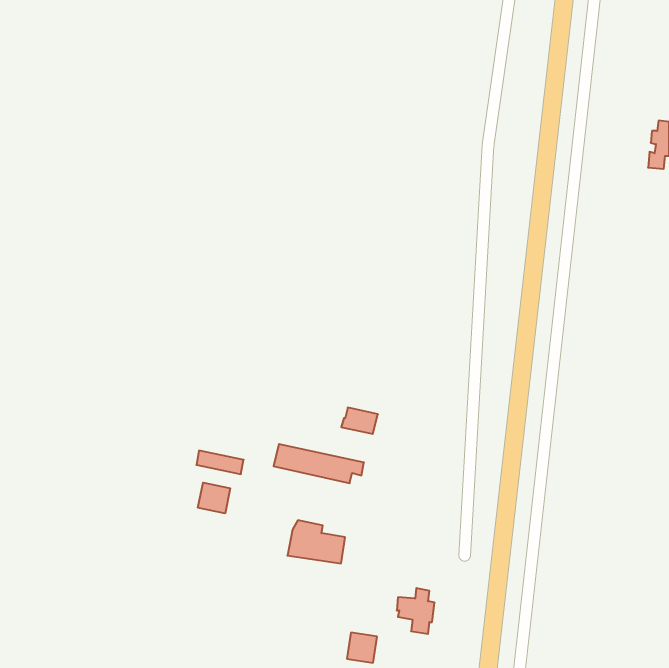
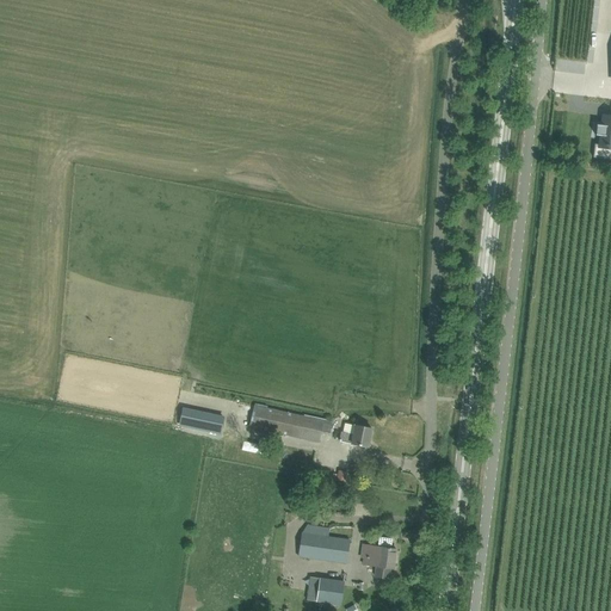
building: [341,408,378,434] -> [339,421,372,445]
building: [198,483,230,513] -> none
building: [287,520,345,563] -> [297,523,350,562]

